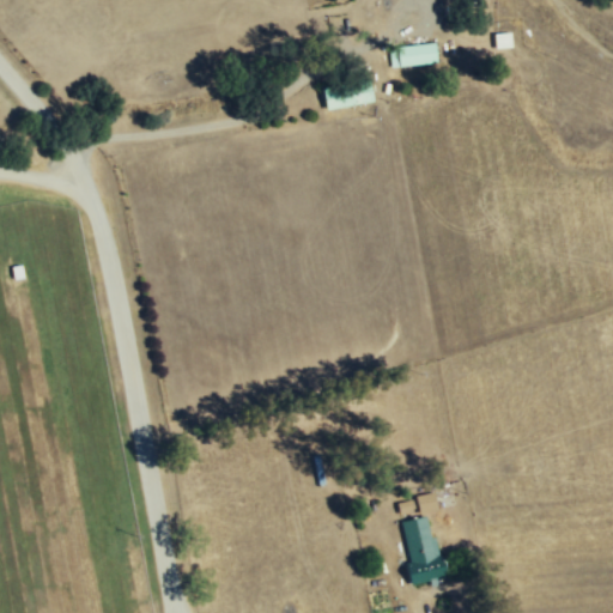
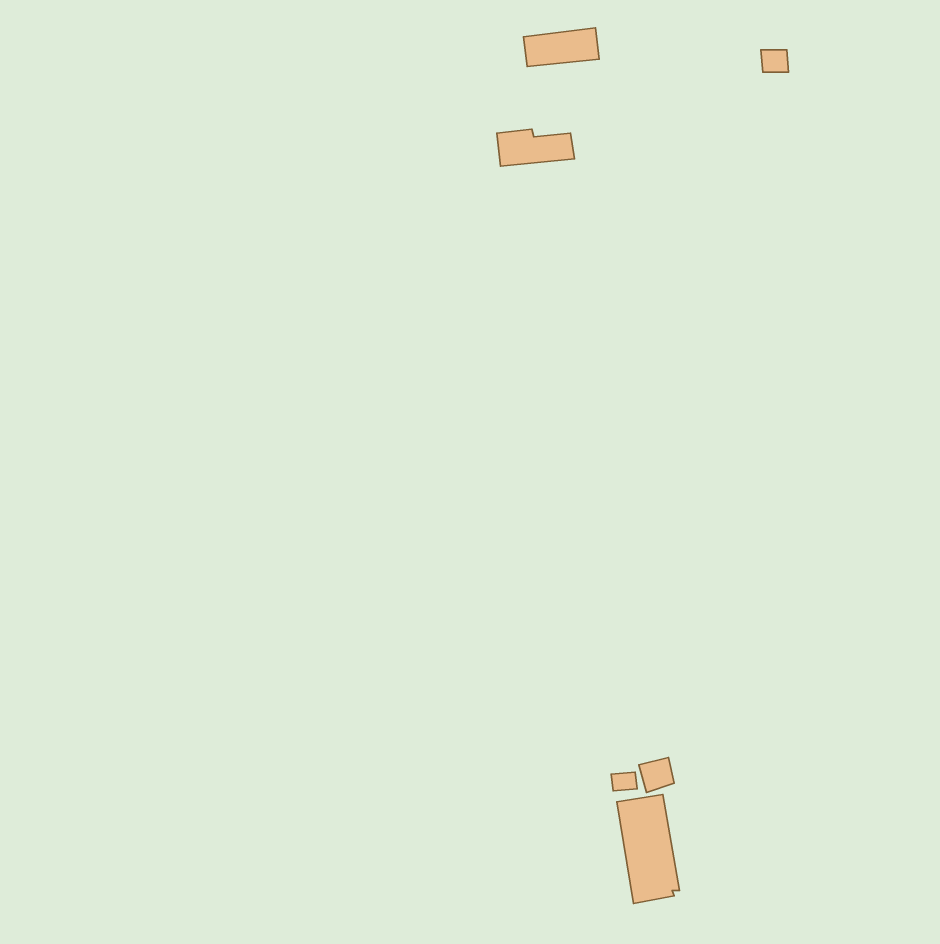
building: [390,42,439,67] -> [523,28,599,67]

